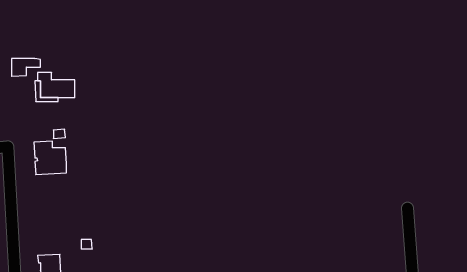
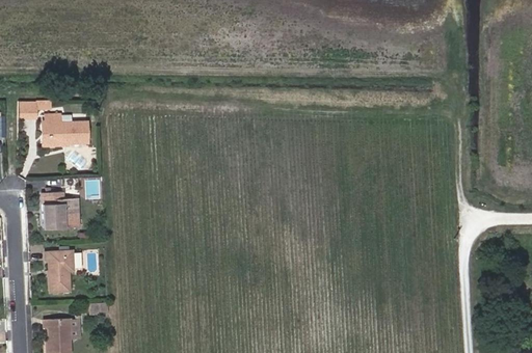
building: none -> [45,250,74,292]

